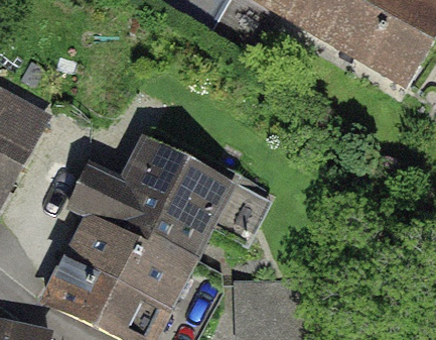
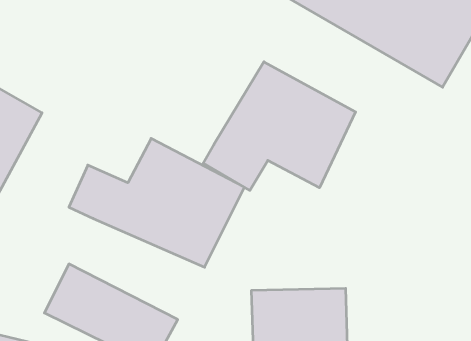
building: none -> [203,62,356,190]
building: [68,212,191,304] -> none

